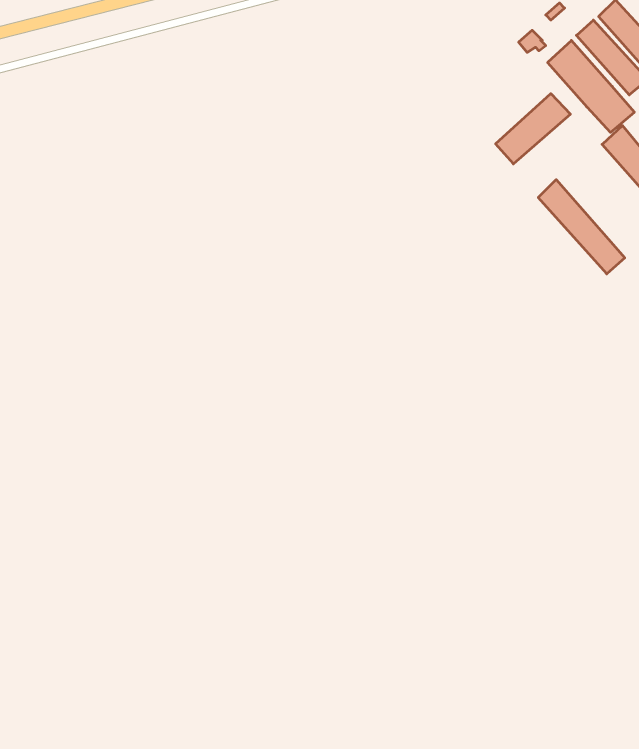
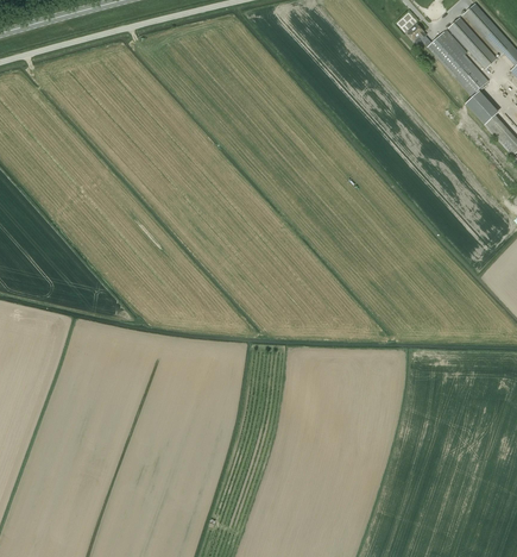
building: [496,94,570,164] -> none
building: [538,180,625,274] -> none

